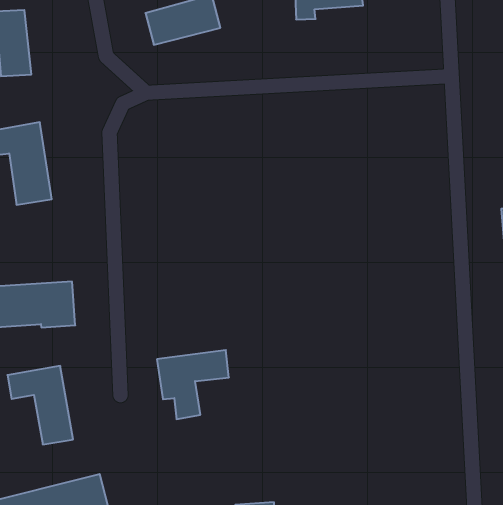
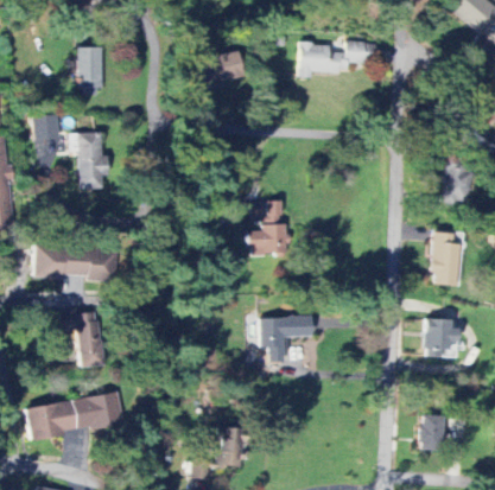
building: none -> [249,203,288,256]
building: [157,350,229,419] -> [260,316,311,362]

